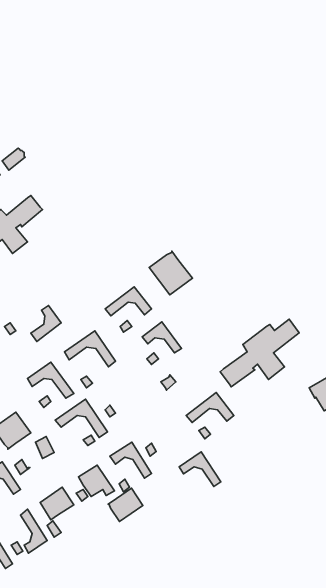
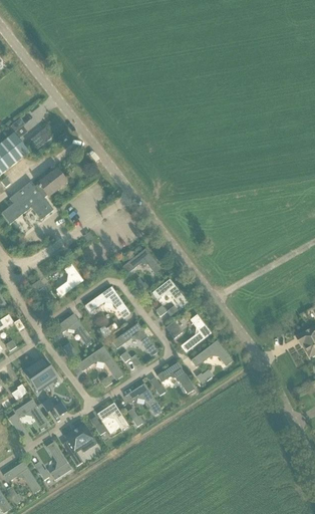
building: [149,251,192,295] -> none
building: [220,319,299,387] -> none
building: none -> [181,315,211,352]
building: none -> [112,323,158,355]
building: [179,452,221,487] -> [158,362,194,393]
building: [108,488,143,522] -> none

